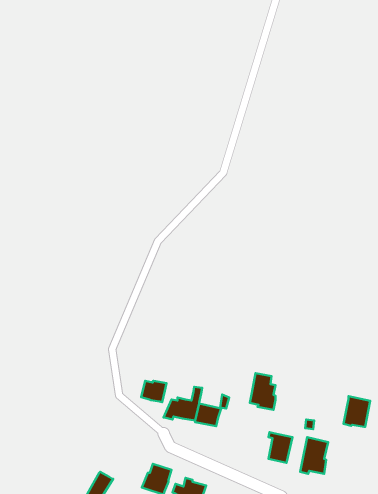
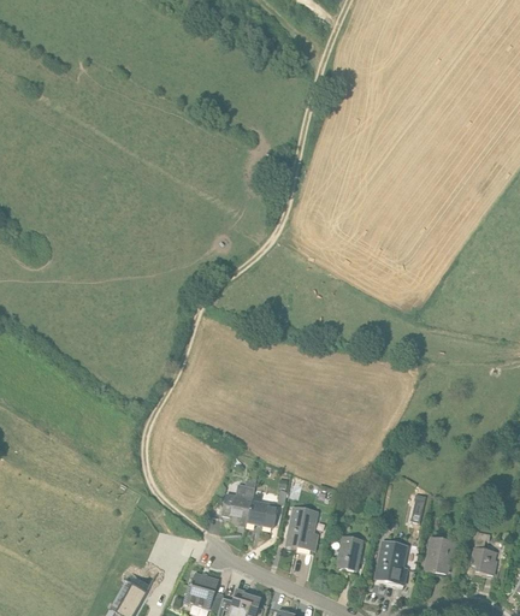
building: [250,373,275,410] -> [286,505,318,550]
building: [141,381,167,402] -> none
building: [343,396,370,427] -> [425,535,457,573]

